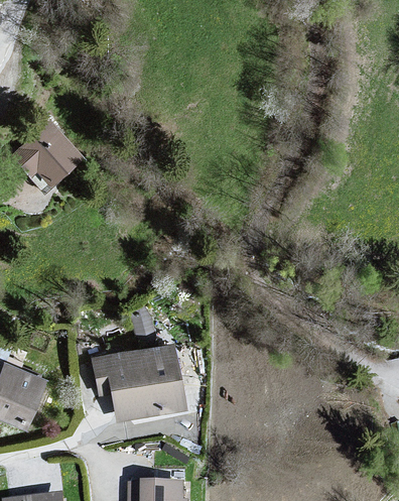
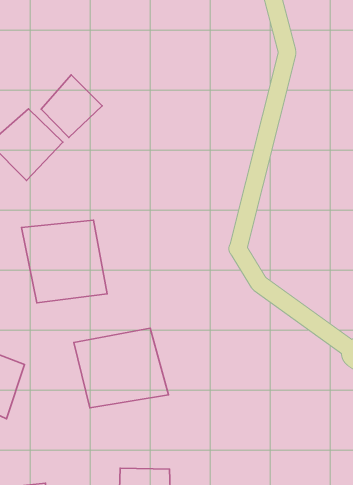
building: none -> [41,75,102,138]
building: none -> [22,220,107,303]

